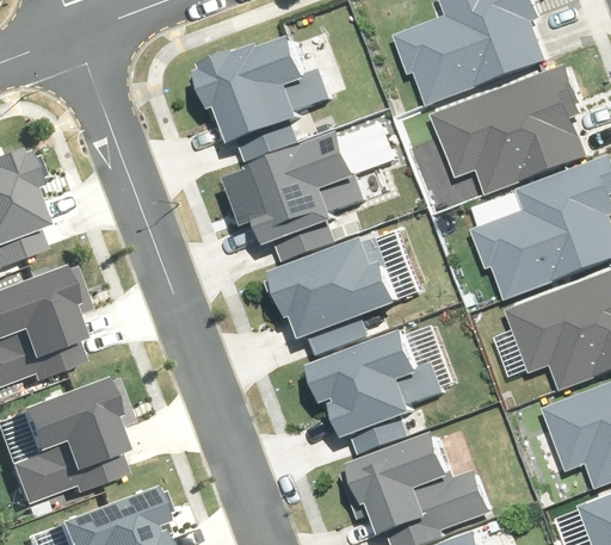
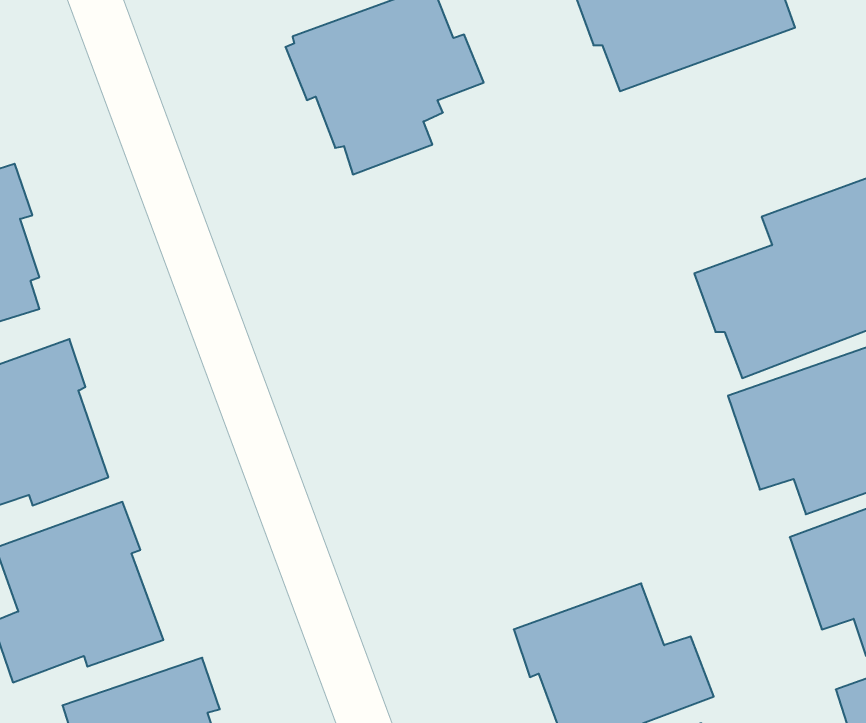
building: [426,64,580,192] -> none
building: [232,132,368,258] -> none
building: [274,236,405,351] -> none
building: [311,334,442,453] -> none

